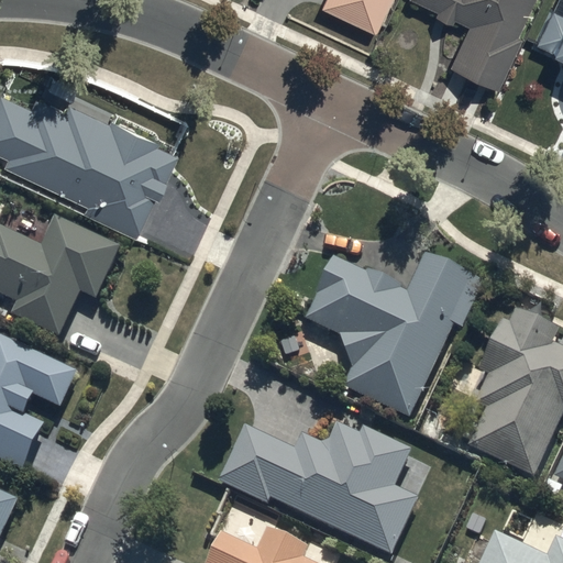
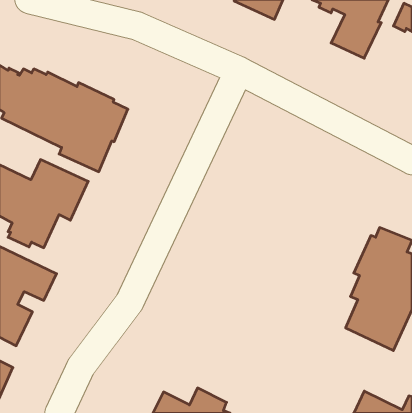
building: [306,251,486,417] -> none
building: [220,422,418,555] -> none

